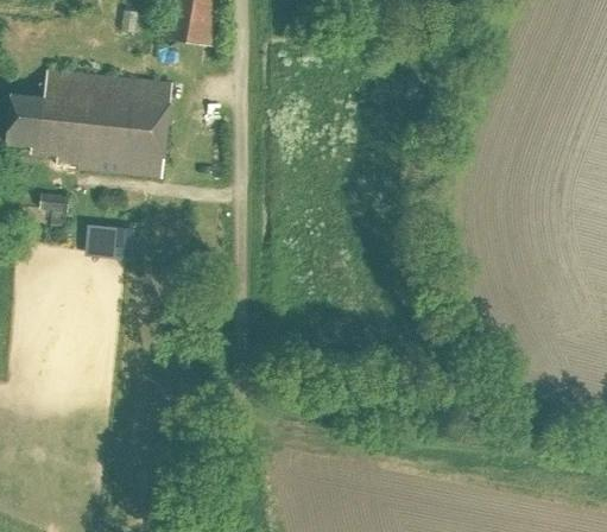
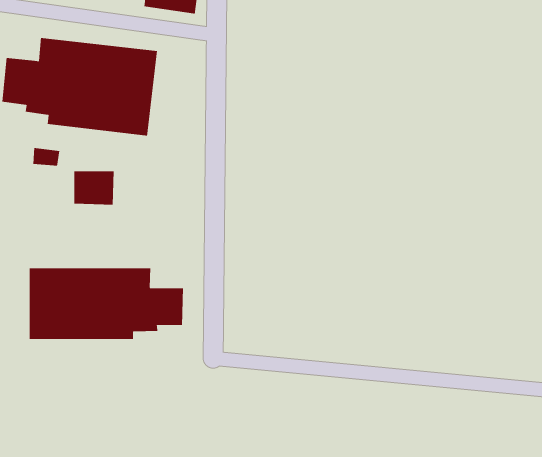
building: none -> [29,267,183,340]

